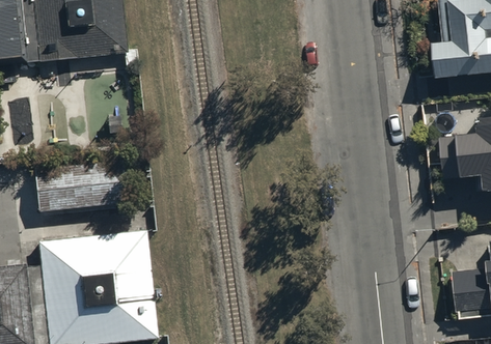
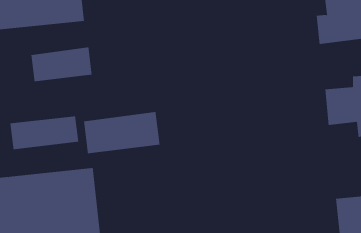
building: none -> [31,46,92,82]
building: none -> [84,111,160,154]

